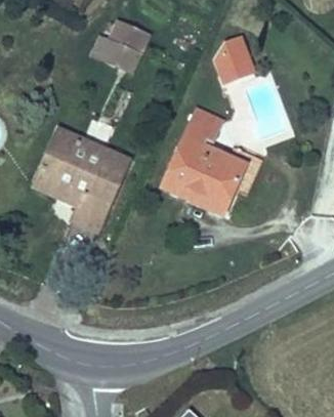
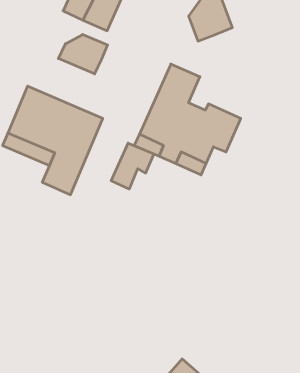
building: none -> [58,34,108,74]
building: none -> [111,143,154,189]

